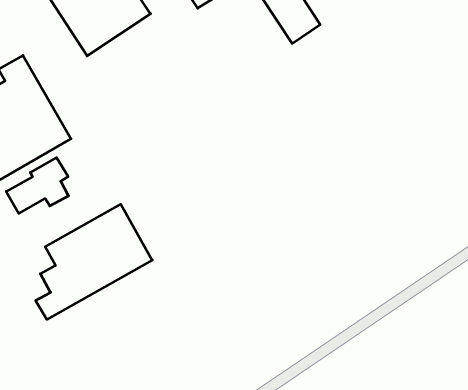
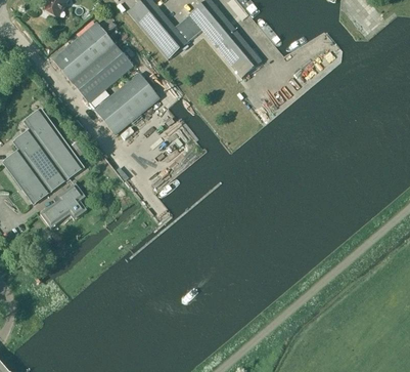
building: none -> [94,73,158,134]
building: [36,204,152,319] -> none

